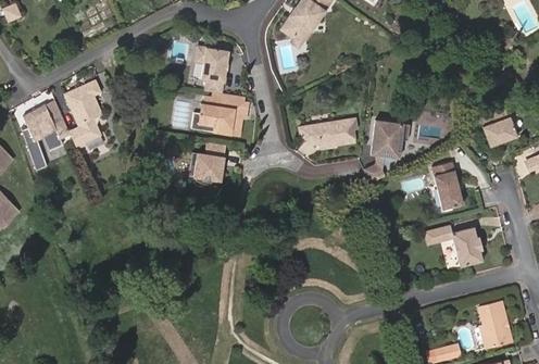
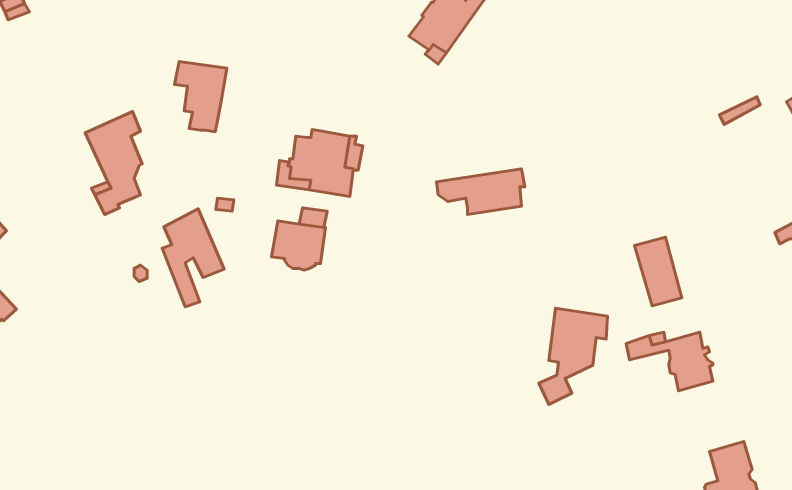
building: [195,47,229,93] -> [174,62,227,132]
building: [22,104,63,170] -> [162,209,224,307]
building: [479,110,514,146] -> none
building: [363,120,409,184] -> [539,308,608,405]

